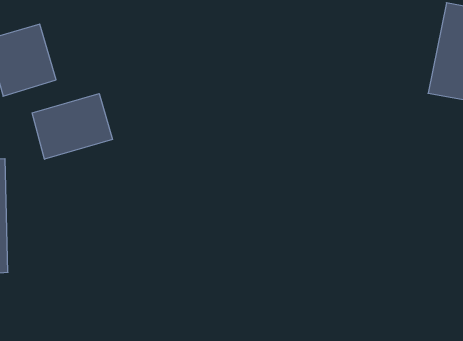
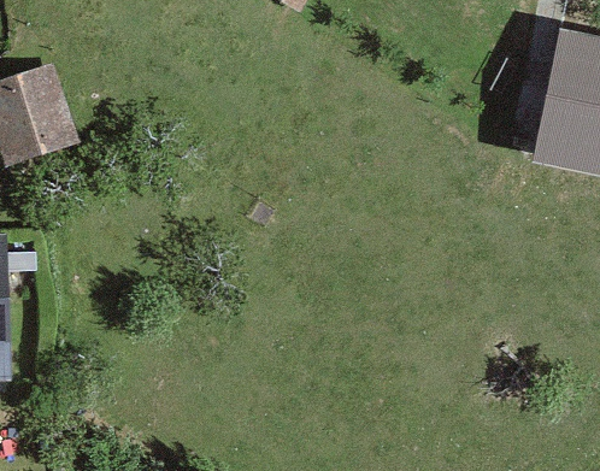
building: [32,94,112,159] -> none

